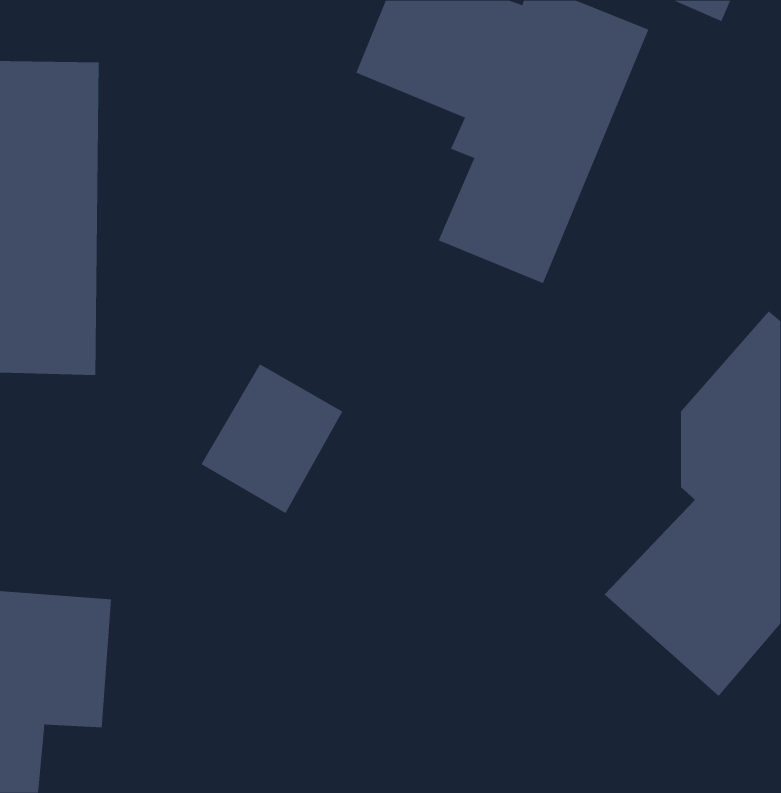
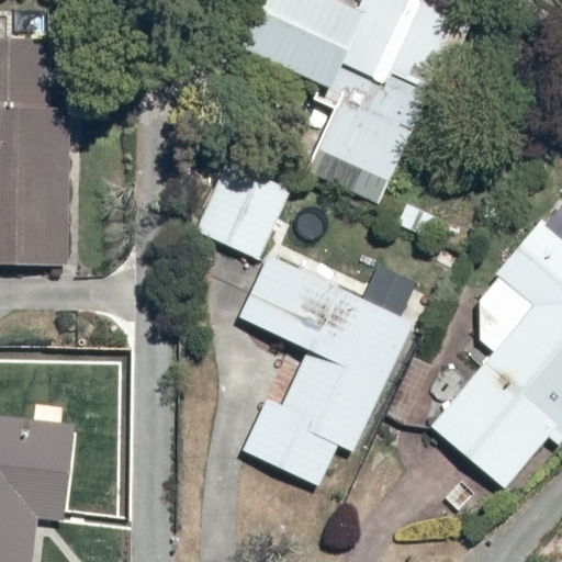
building: none -> [237,249,417,484]
building: [200,363,343,514] -> [192,158,293,265]

